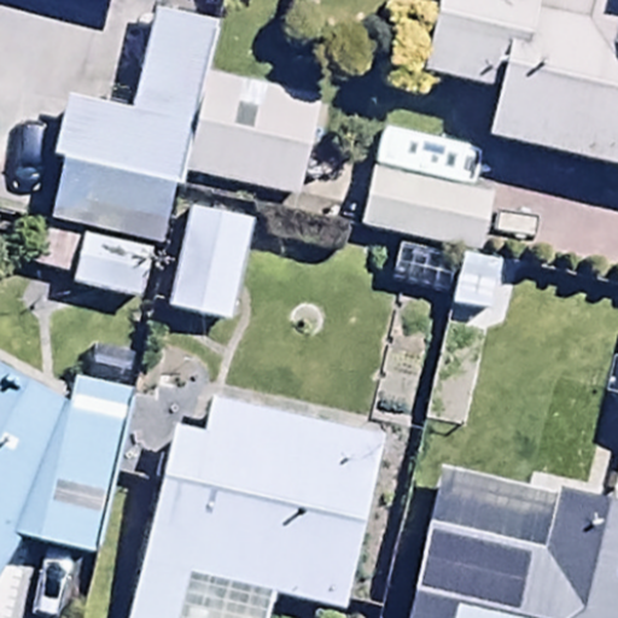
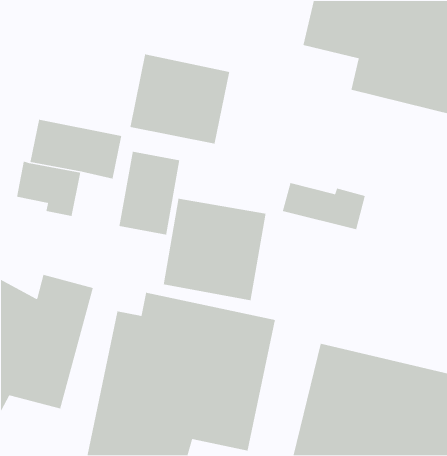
building: [52,6,220,185] -> none
building: [363,130,494,251] -> none
building: none -> [163,198,267,301]

